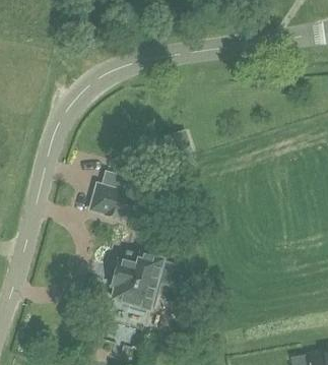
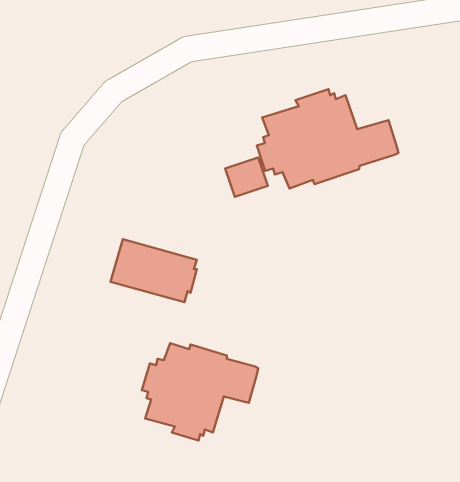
building: none -> [257,89,398,188]

